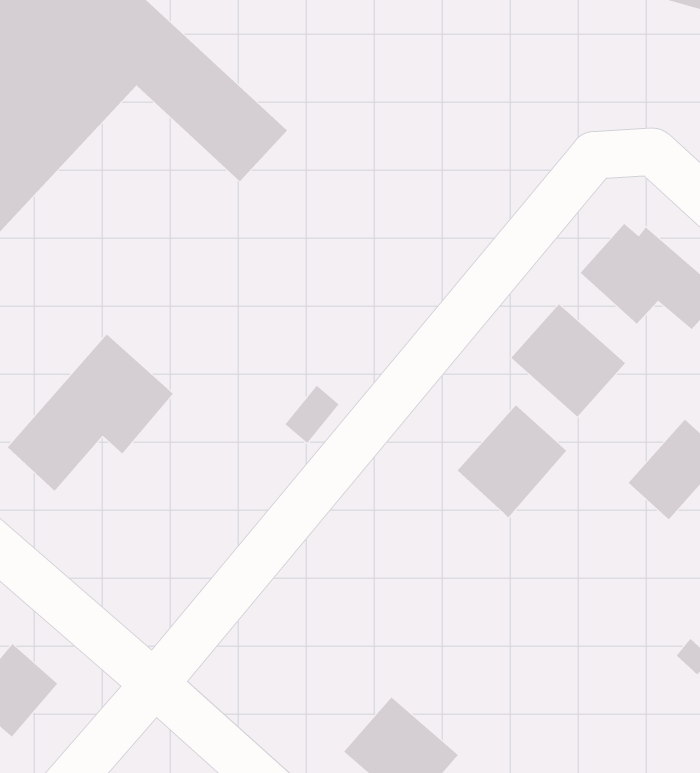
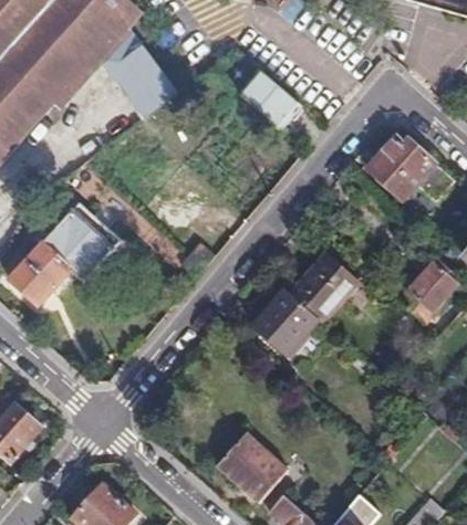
building: none -> [238,64,303,128]
building: [511,303,626,417] -> none
building: none -> [255,291,318,356]

